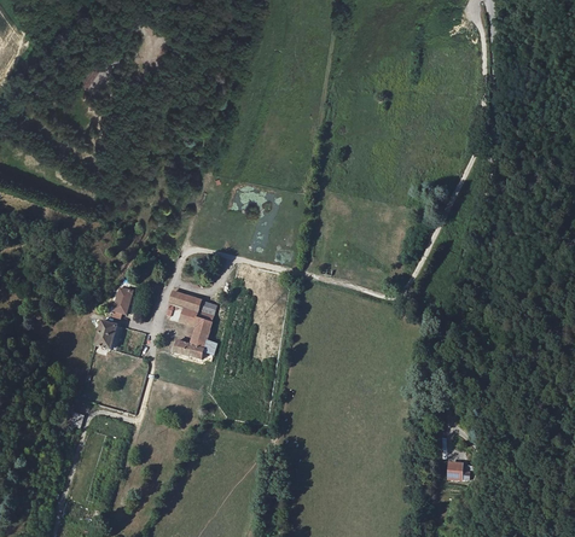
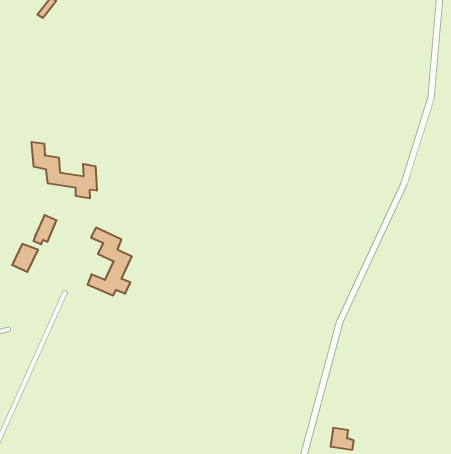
building: none -> [31,142,97,198]

